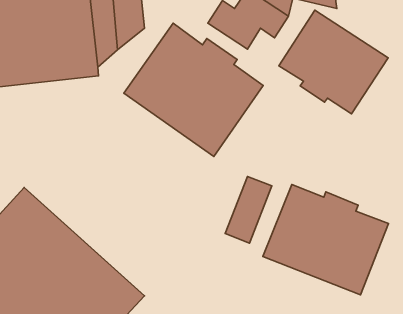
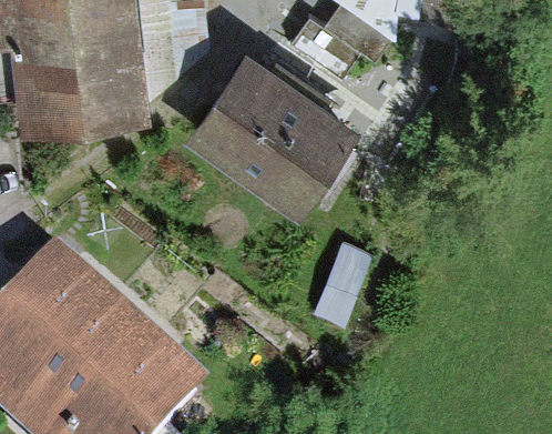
building: [279,10,388,114] -> none
building: [263,185,389,295] -> none

